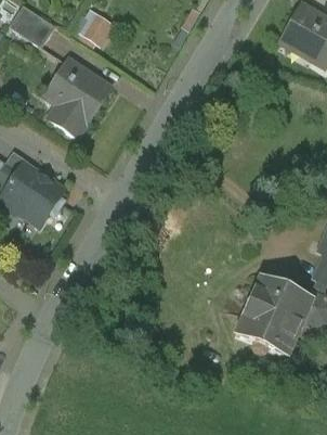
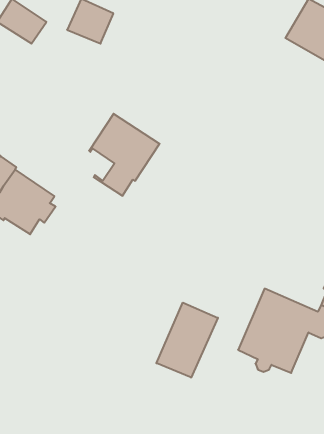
building: [44,60,110,137] -> [89,114,160,196]
building: none -> [156,303,218,378]

